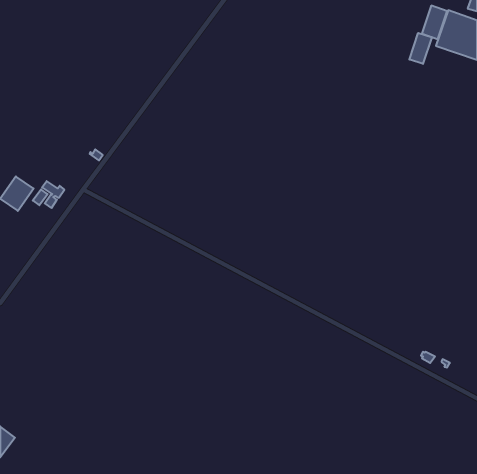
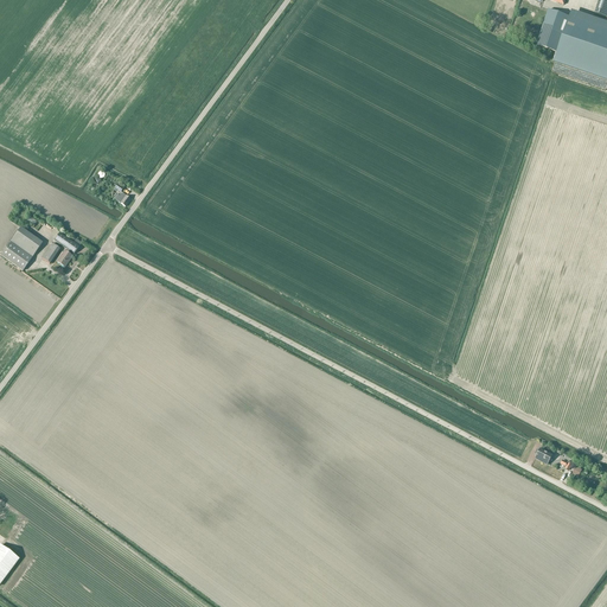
building: [409,33,432,64] -> none

